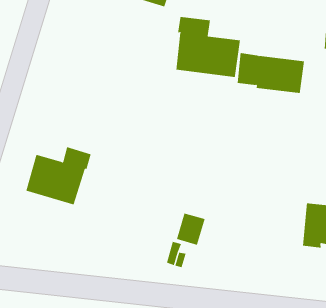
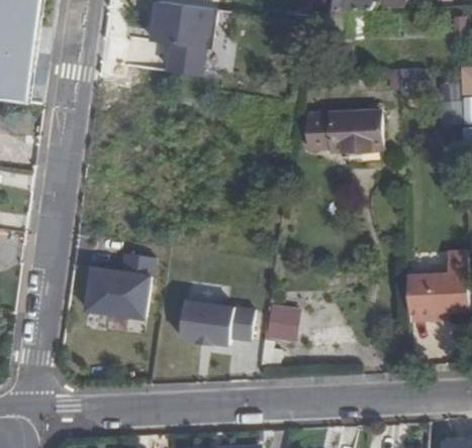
building: [176,16,241,78] -> none
building: none -> [180,299,254,343]

